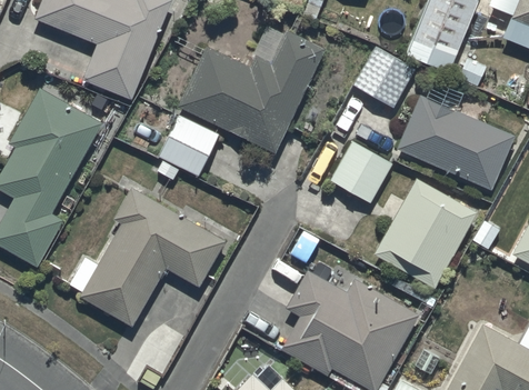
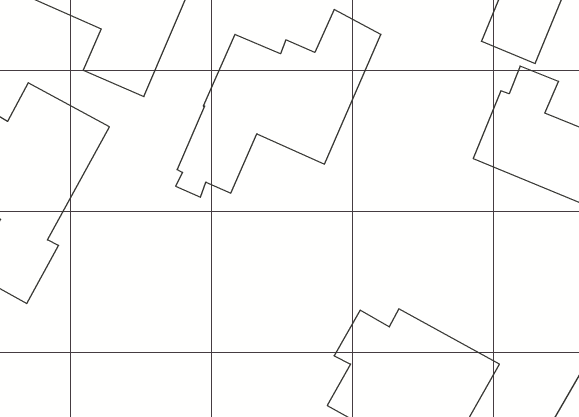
building: [351,47,416,111] -> none
building: [330,141,393,204] -> none
building: [373,178,478,289] -> none
building: [71,189,227,328] -> none

